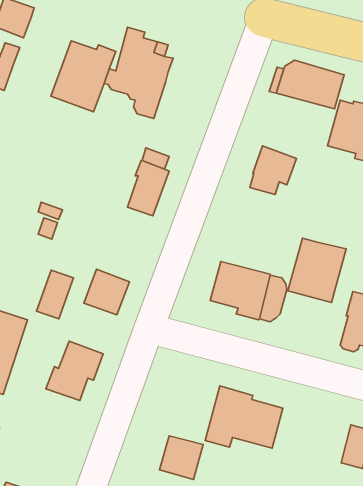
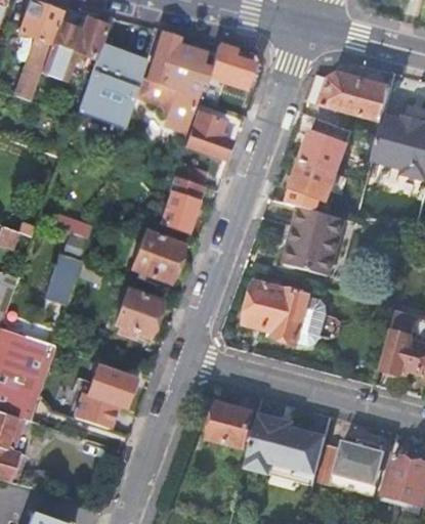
building: none -> [40,19,103,82]
building: none -> [208,45,253,90]
building: none -> [186,113,229,160]
building: none -> [302,118,353,173]
building: none -> [131,232,181,283]
building: [288,238,346,302] -> [285,207,346,274]
building: [36,270,73,319] -> [43,254,82,305]
building: none -> [315,439,382,485]
building: [160,436,203,479] -> [205,402,251,448]

